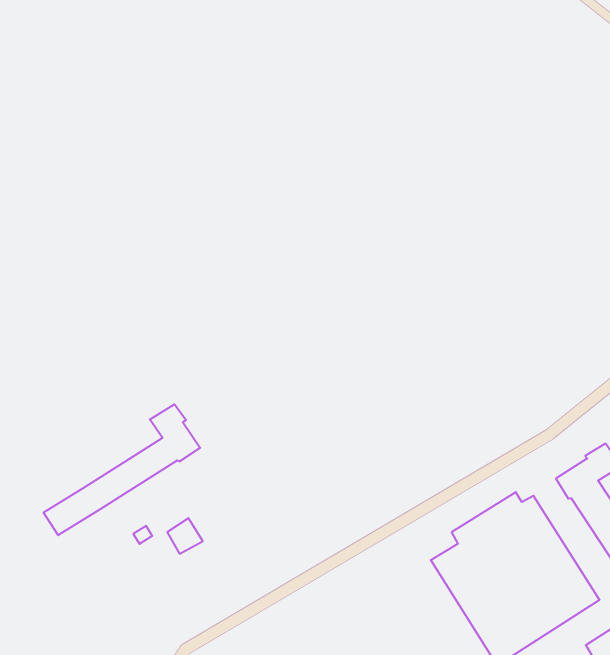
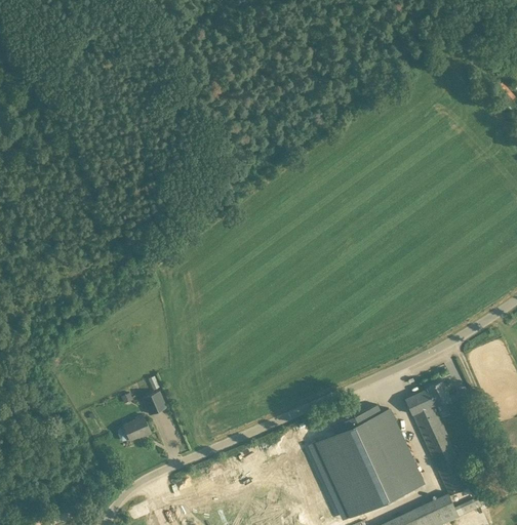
building: [44,404,200,535] -> none
building: none -> [119,416,152,442]

